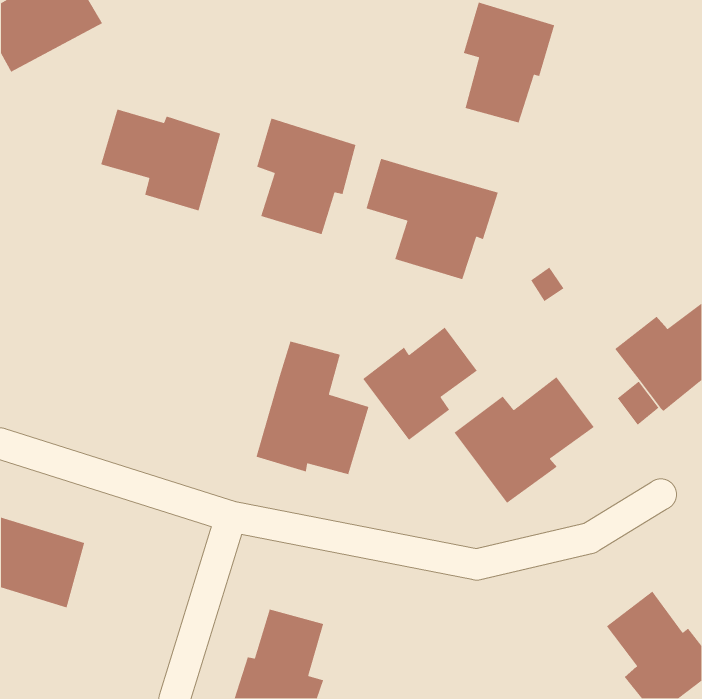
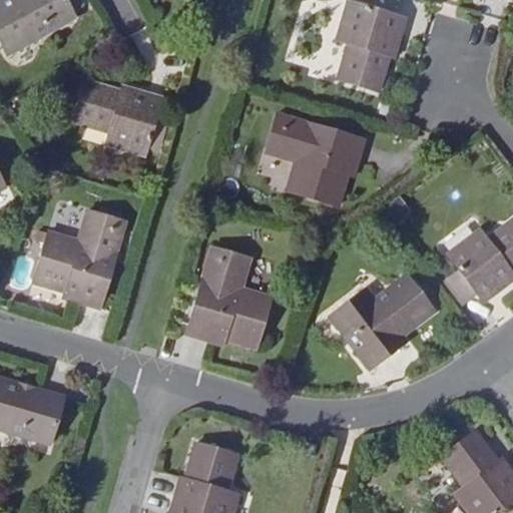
building: [256,118,357,235] -> none
building: none -> [34,210,125,308]
building: [362,326,478,441] -> none

